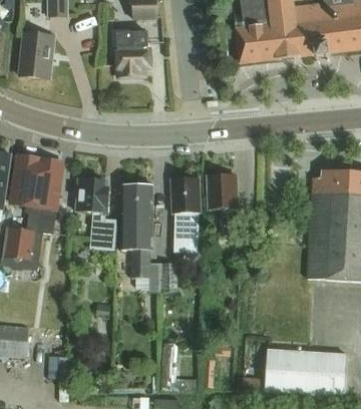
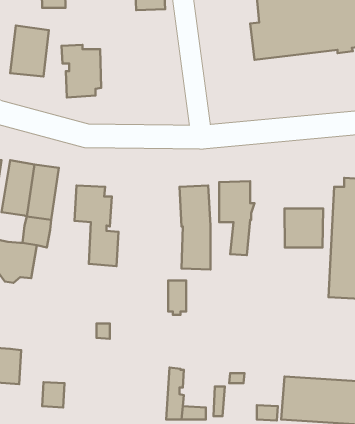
building: [113,27,149,75] -> [61,45,101,98]
building: [122,180,152,290] -> none
building: none -> [284,208,323,248]

